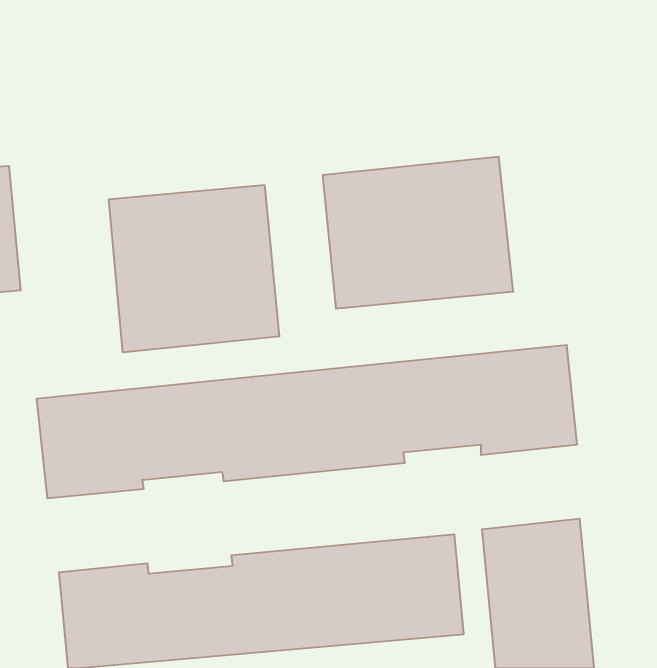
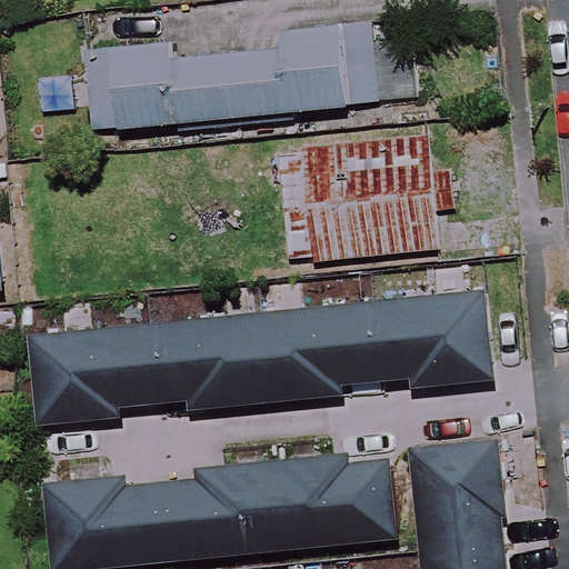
building: none -> [81,16,409,131]
building: [109,185,279,352] -> none

